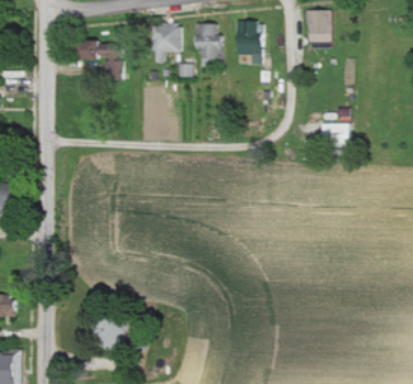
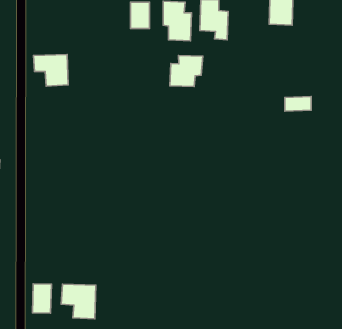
building: [87,42,123,75] -> [34,55,68,86]
building: none -> [170,56,203,86]
building: none -> [32,284,52,313]

